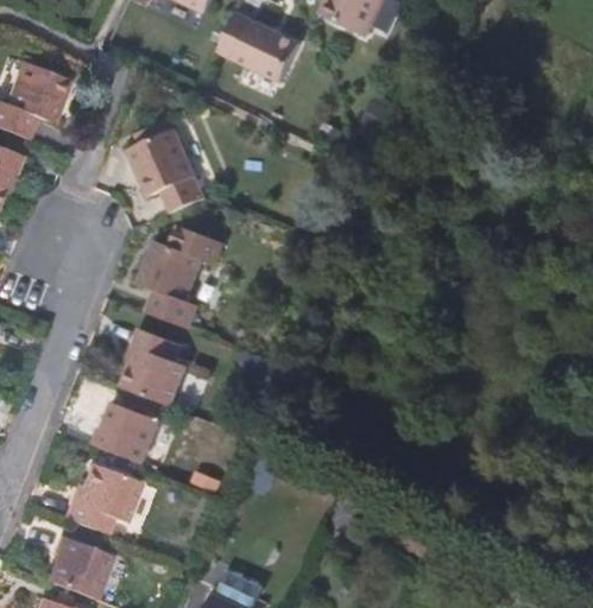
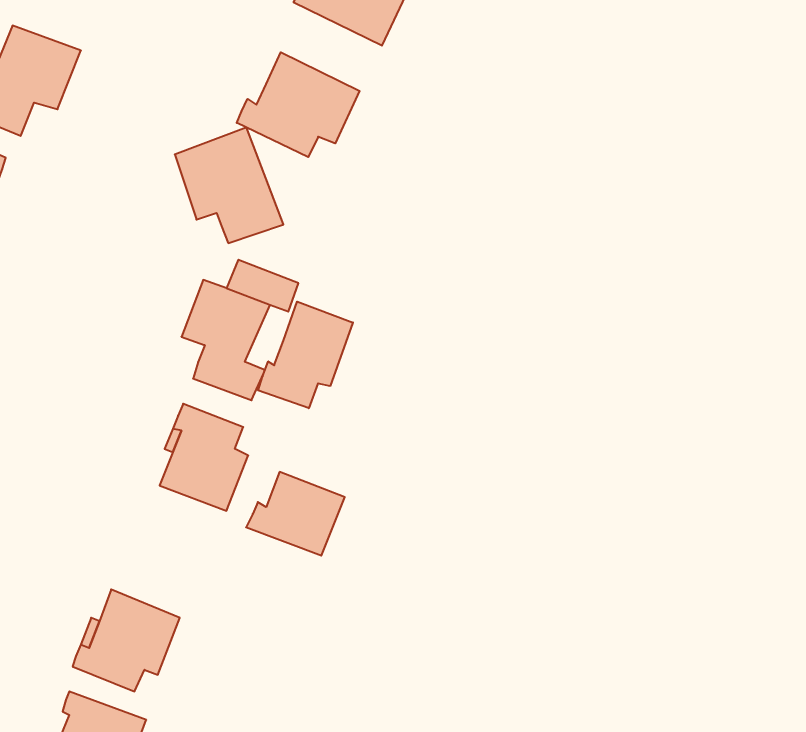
building: none -> [237,52,360,157]
building: none -> [258,302,353,408]
building: [89,405,159,464] -> [246,472,345,556]

